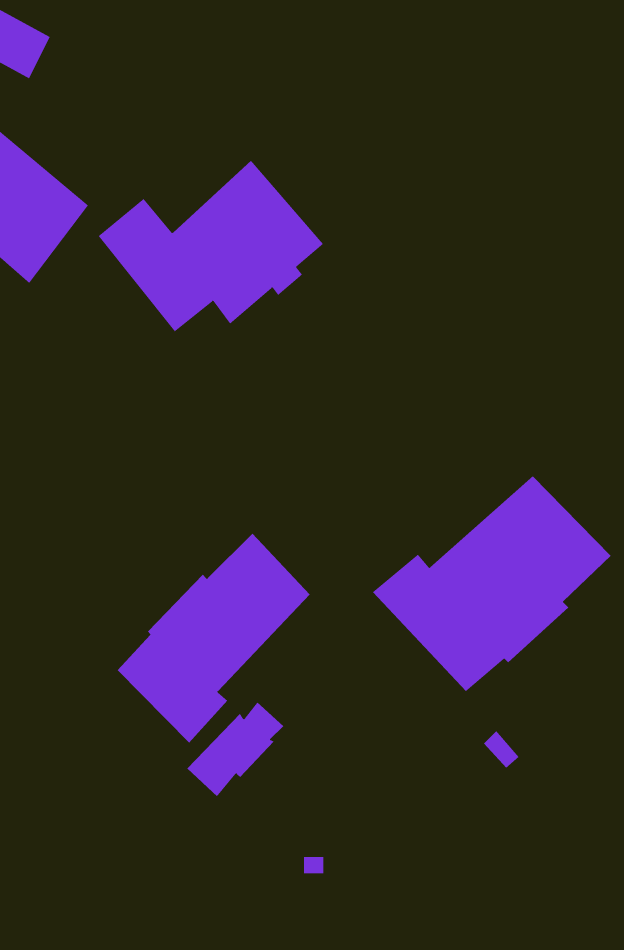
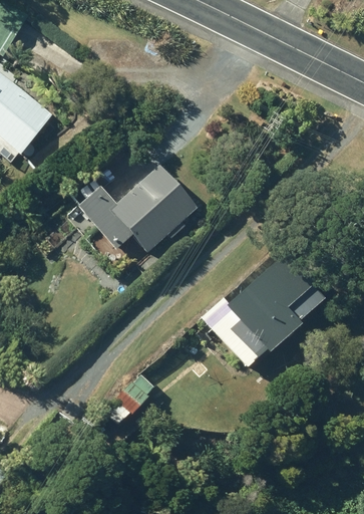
building: [98,160,324,332] -> [77,165,196,255]
building: [117,533,311,744] -> none

